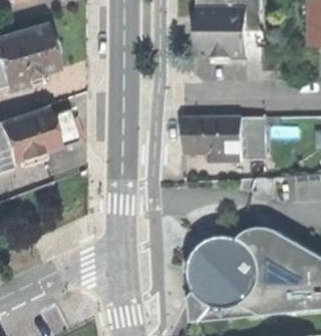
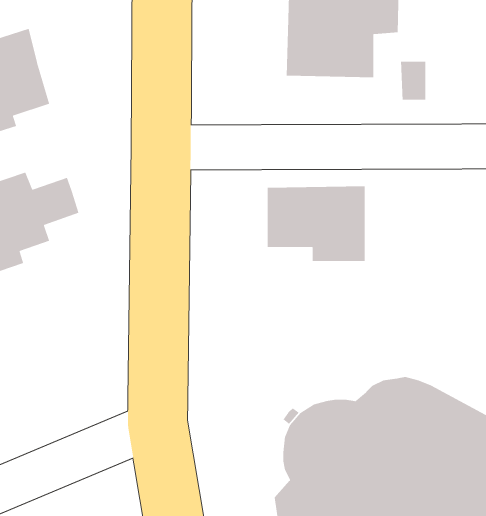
building: [239,116,262,159] -> none

